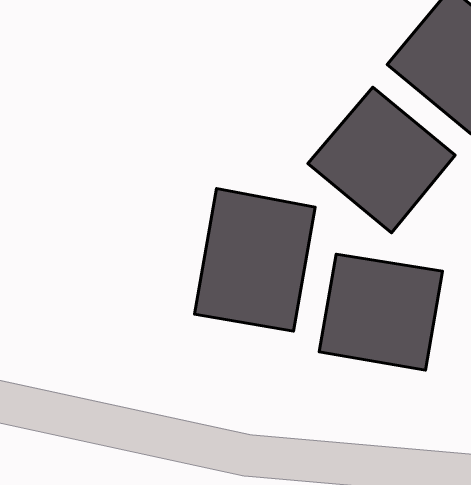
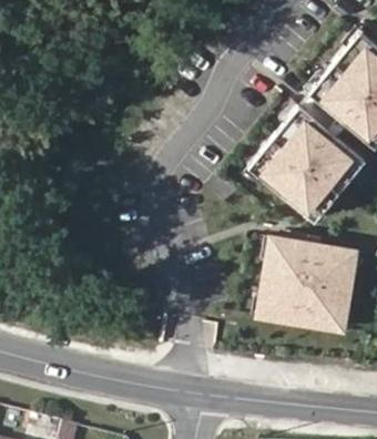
building: [195,188,315,331] -> none

